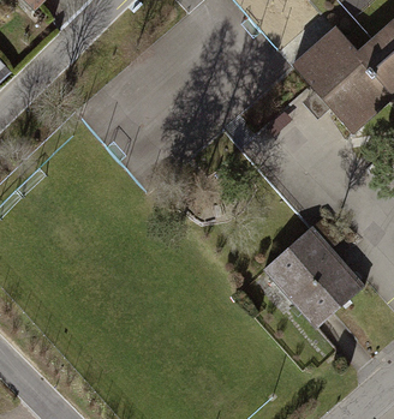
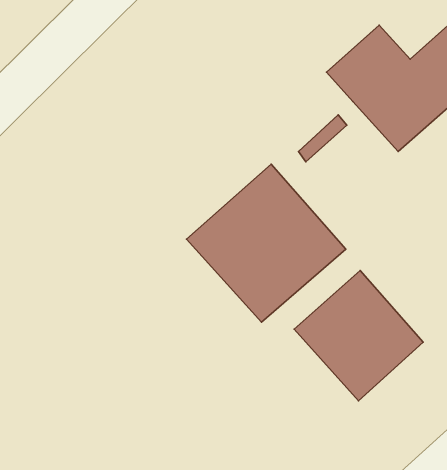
building: none -> [187,164,346,322]

